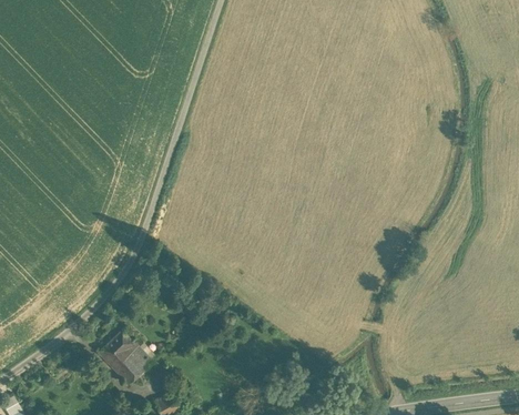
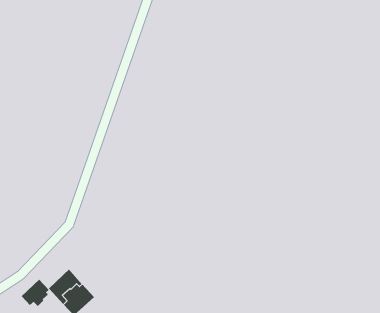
building: none -> [21,279,49,307]

